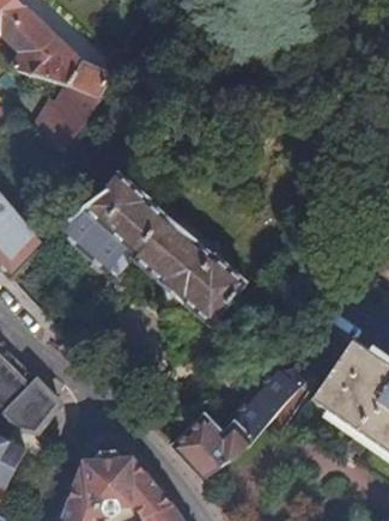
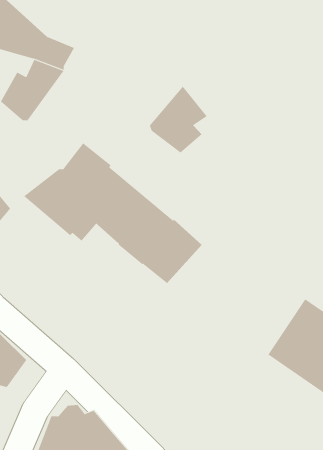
building: none -> [149,86,208,154]
building: [172,366,304,477] -> none

